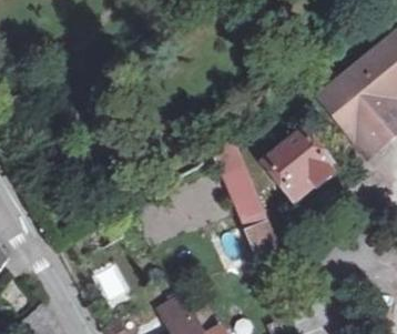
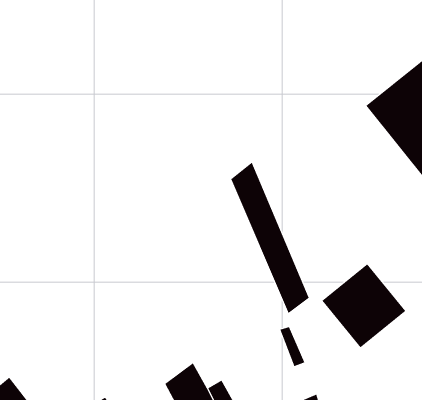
building: [266,129,332,194] -> [322,264,406,348]

